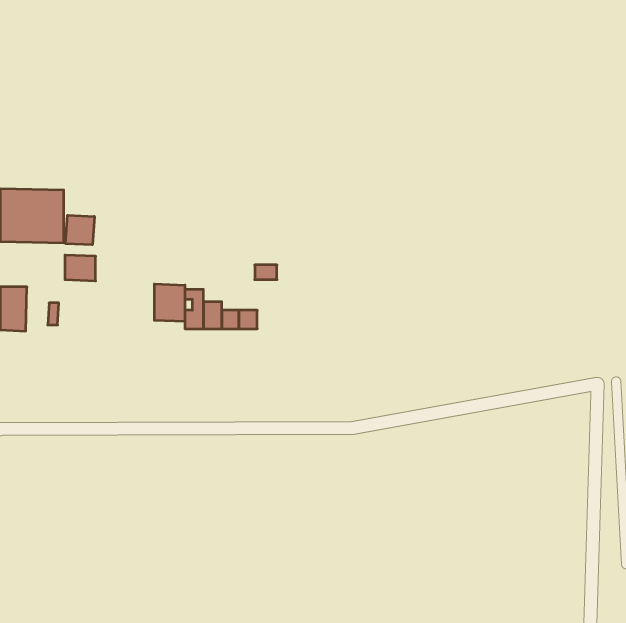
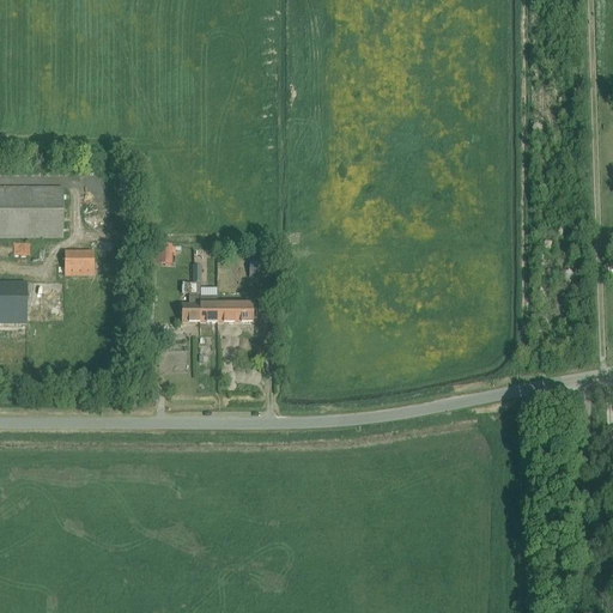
building: [66,215,94,245] -> none
building: [154,284,185,322] -> none

